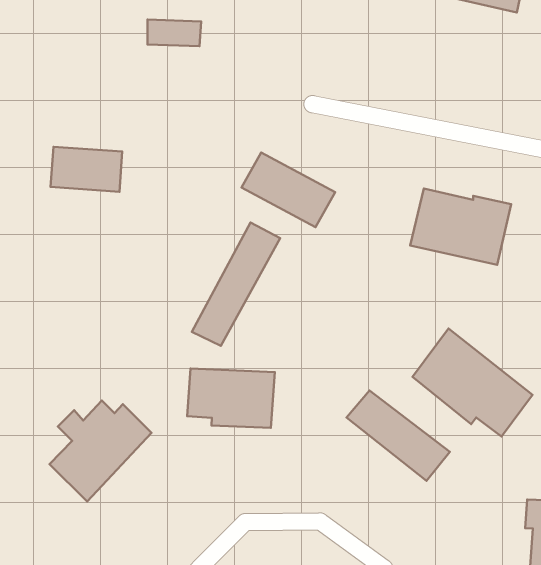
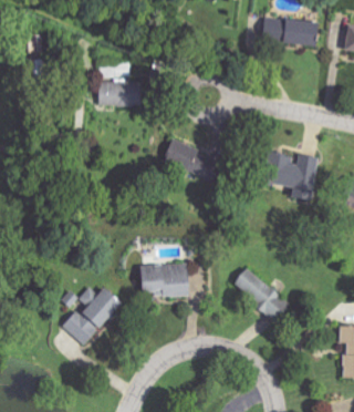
building: [51,147,122,192] -> [100,82,139,105]
building: [192,222,280,346] -> none
building: [412,328,533,437] -> none

